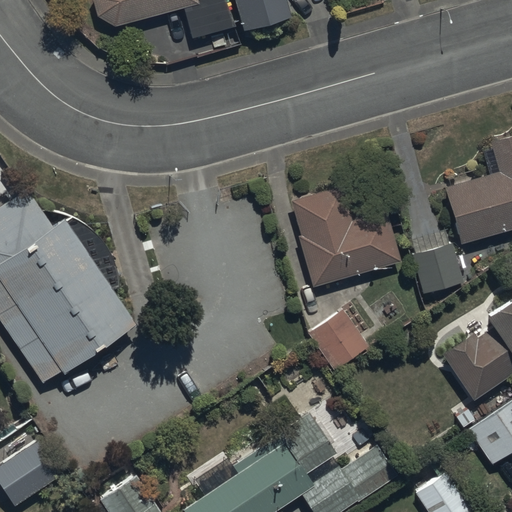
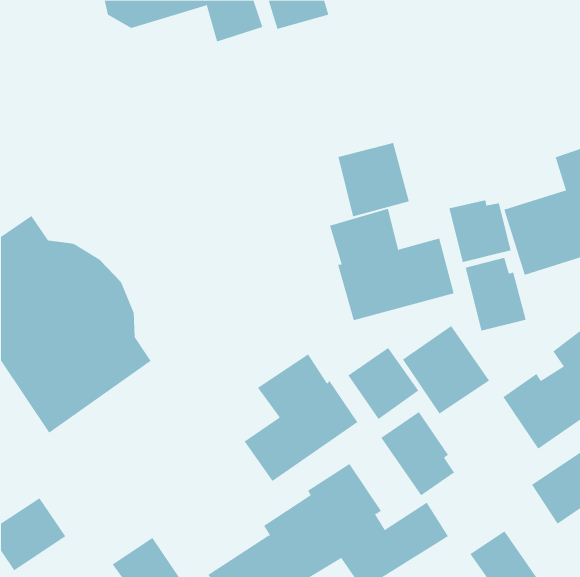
building: none -> [338,142,410,217]
building: none -> [449,199,511,263]
building: none -> [402,325,490,414]
building: none -> [244,354,358,482]
building: none -> [380,411,455,496]

